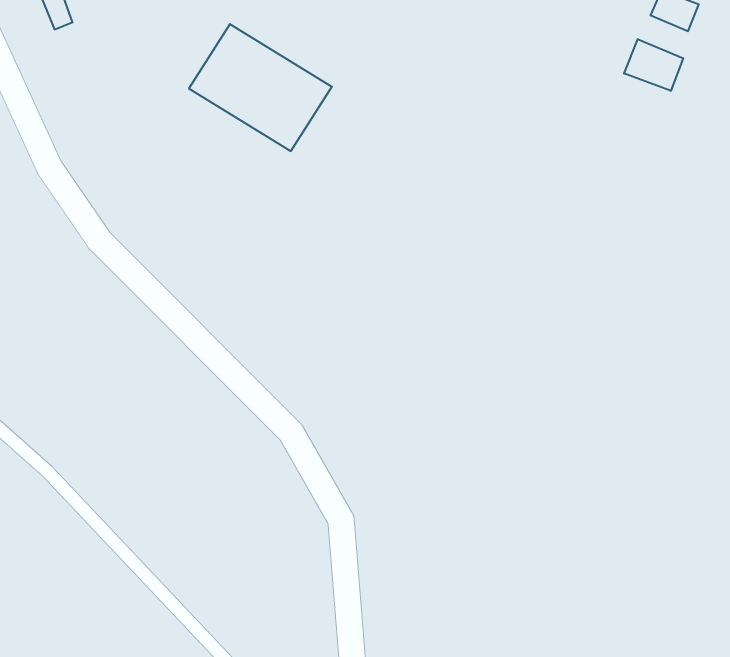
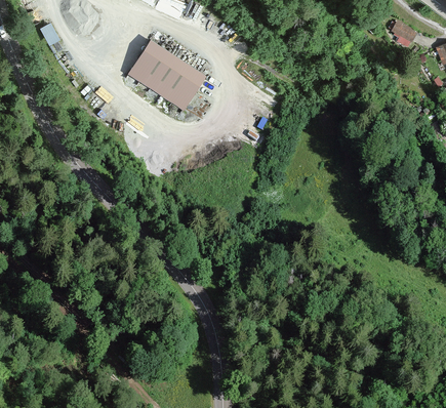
building: [624,39,683,91] -> none

